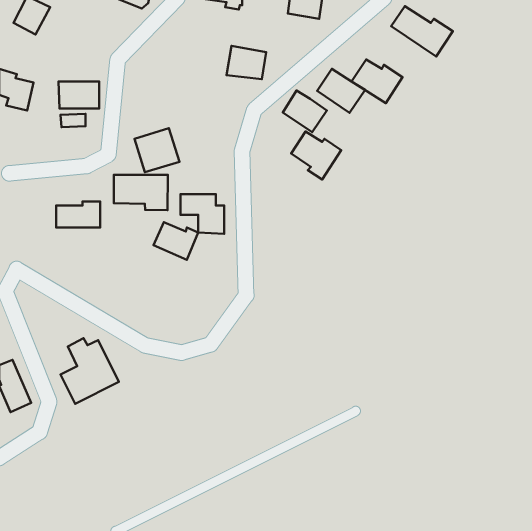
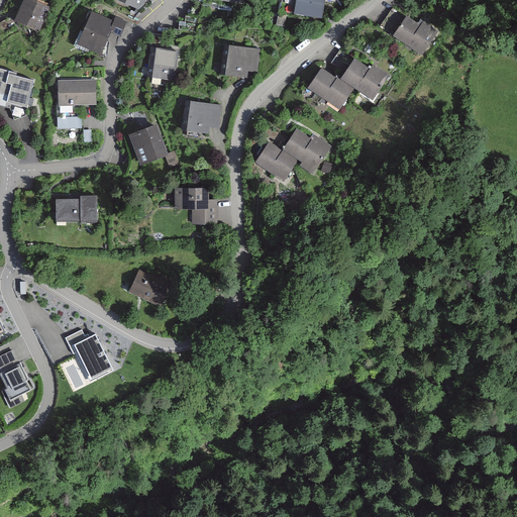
building: none -> [76,9,126,55]
building: none -> [146,46,179,80]
building: [283,91,327,132] -> [255,140,298,181]
building: none -> [185,99,225,130]
building: [114,175,168,210] -> none
building: [153,222,198,260] -> [128,269,172,305]

